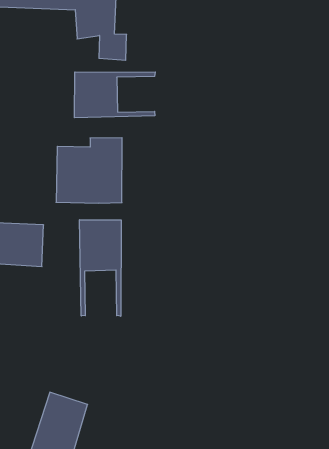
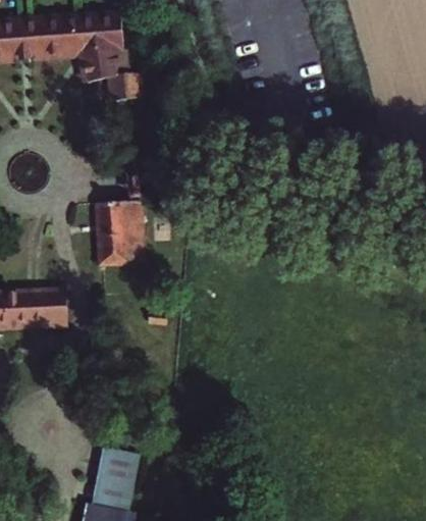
building: [75,72,155,118] -> none
building: [80,220,121,316] -> none

